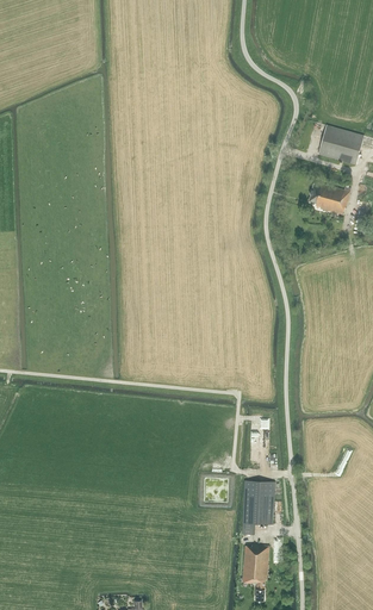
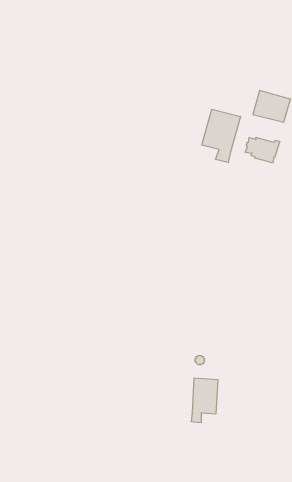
building: none -> [202,109,240,163]
building: [242,544,269,600] -> none

